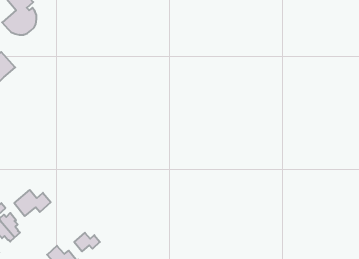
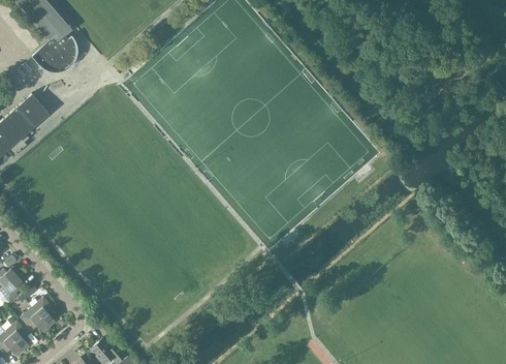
building: [14,190,51,216] -> none
building: [74,233,100,251] -> none

